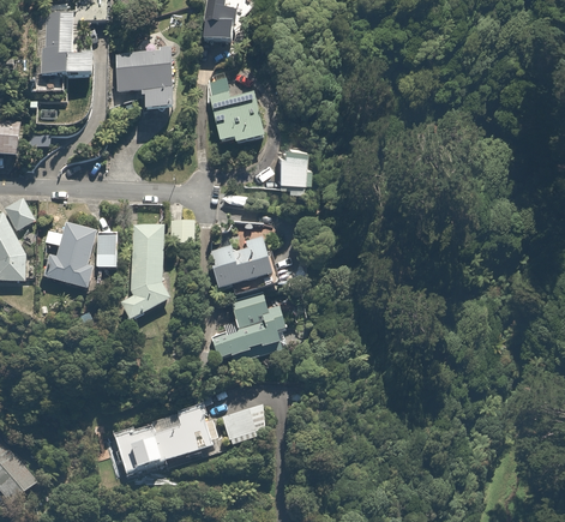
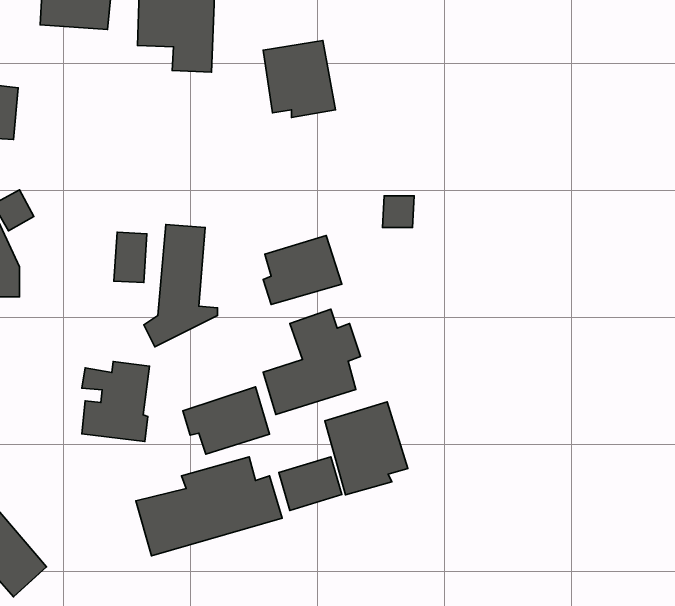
building: [275,154,299,178] -> [383,196,414,227]
building: [43,224,95,286] -> [82,362,149,442]
building: none -> [183,387,270,454]
building: none -> [325,402,408,495]

